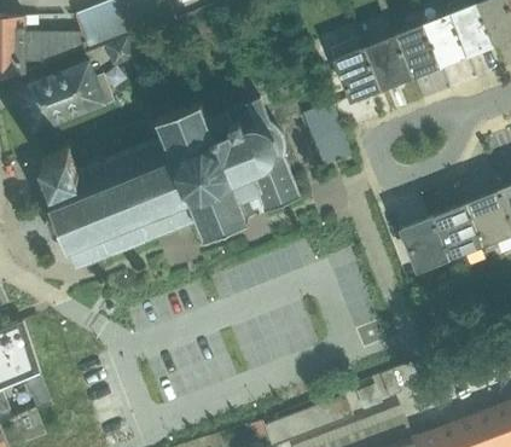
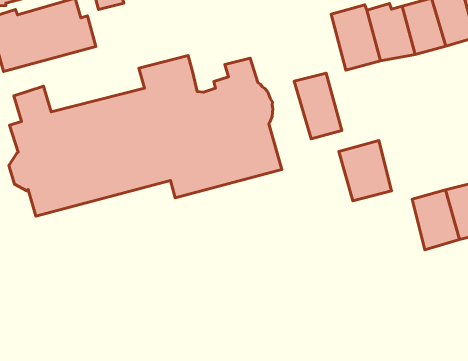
building: [389,214,442,273] -> [339,140,391,201]

